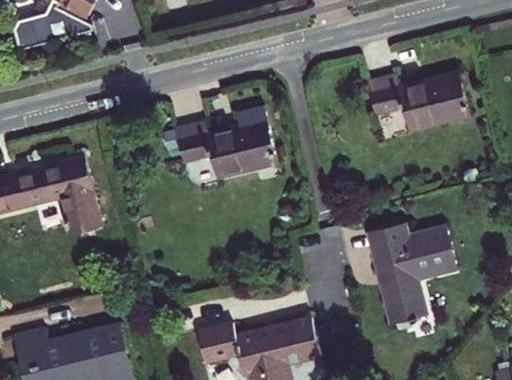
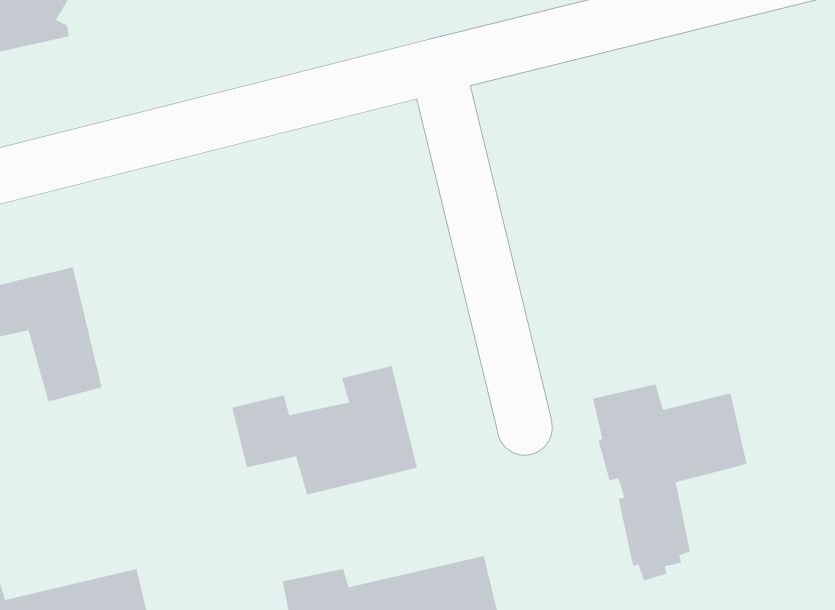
building: [368,73,468,130] -> none
building: [175,106,277,177] -> [231,366,418,495]

